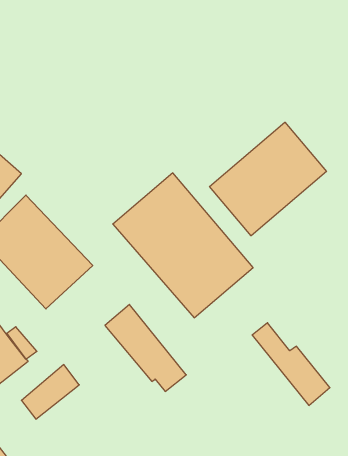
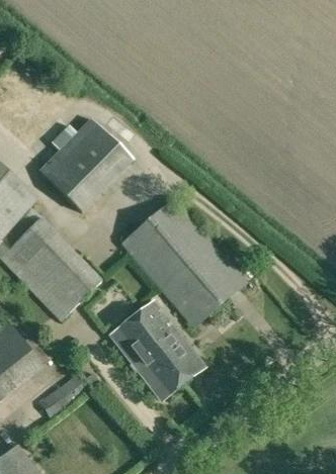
building: none -> [37,115,133,212]
building: [210,122,326,236] -> none
building: [252,323,330,405] -> [135,304,205,379]

